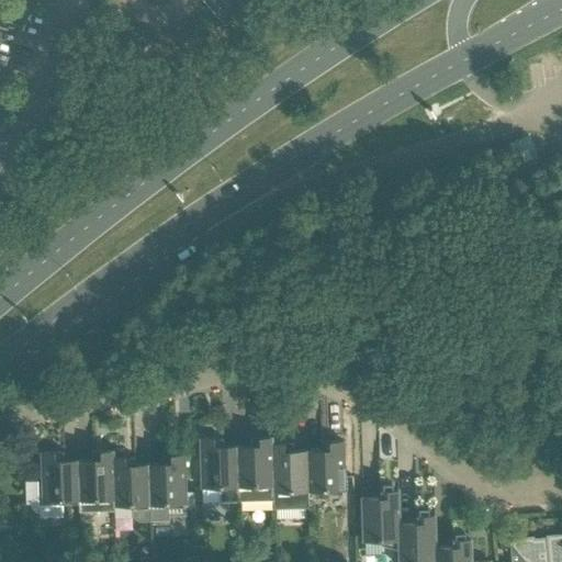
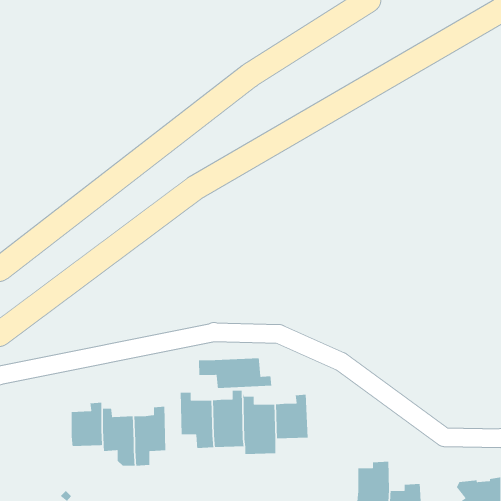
building: none -> [198,358,272,389]
building: [31,452,80,514] -> none
building: [362,492,400,551] -> none

